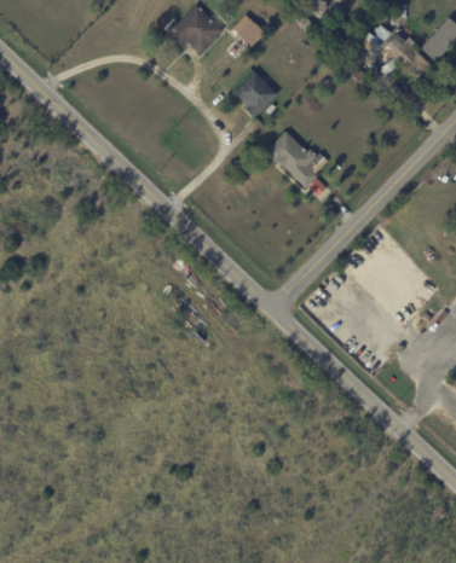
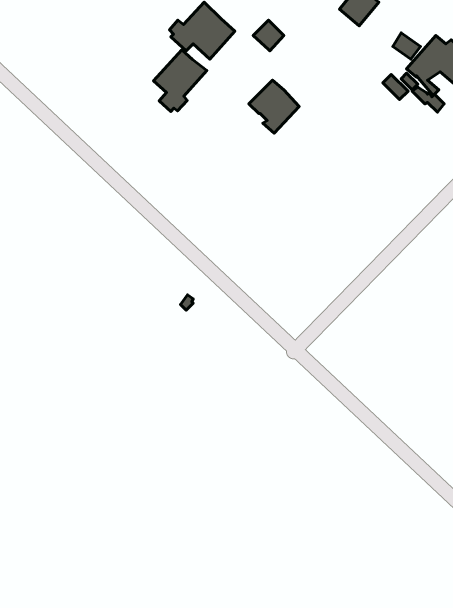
building: none -> [153,50,207,112]
building: [265,130,328,196] -> none

